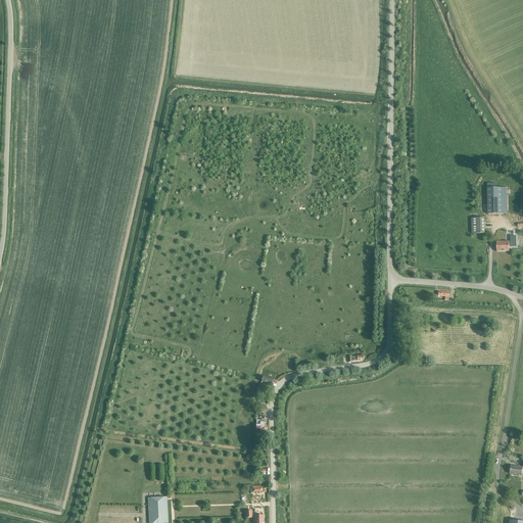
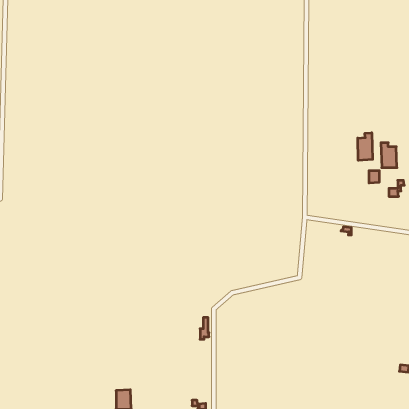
building: none -> [358,133,373,160]

